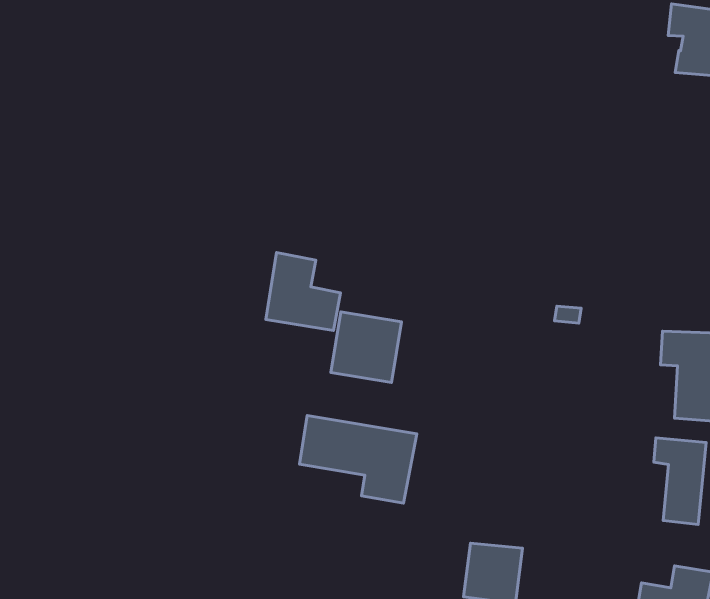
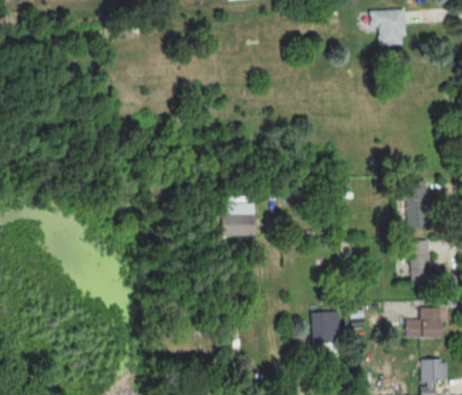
building: [266,252,341,331] -> none
building: [299,415,417,503] -> none

